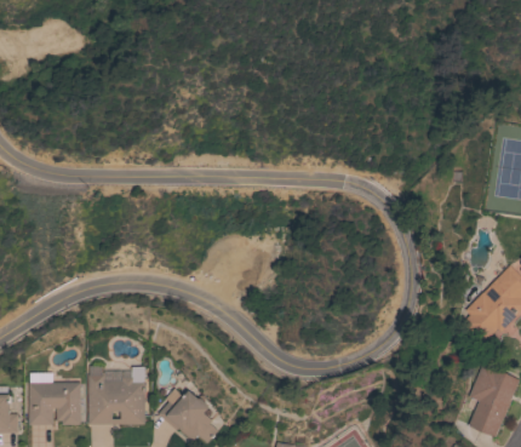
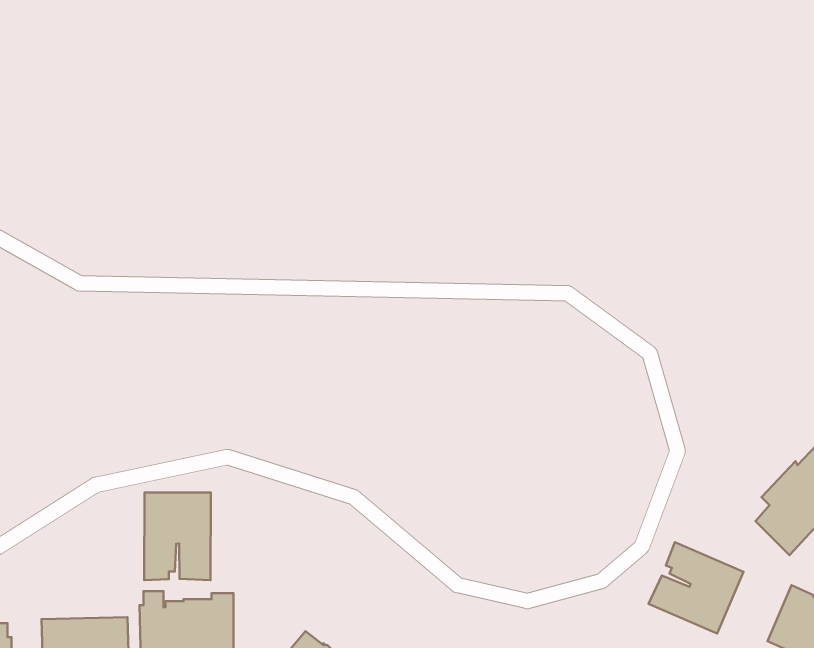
building: none -> [144,492,211,580]
building: none -> [648,542,744,634]

